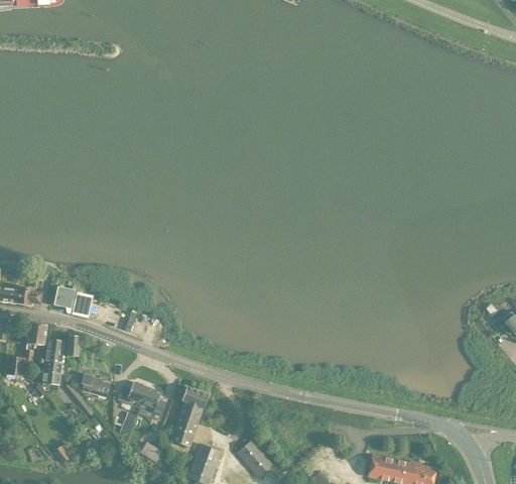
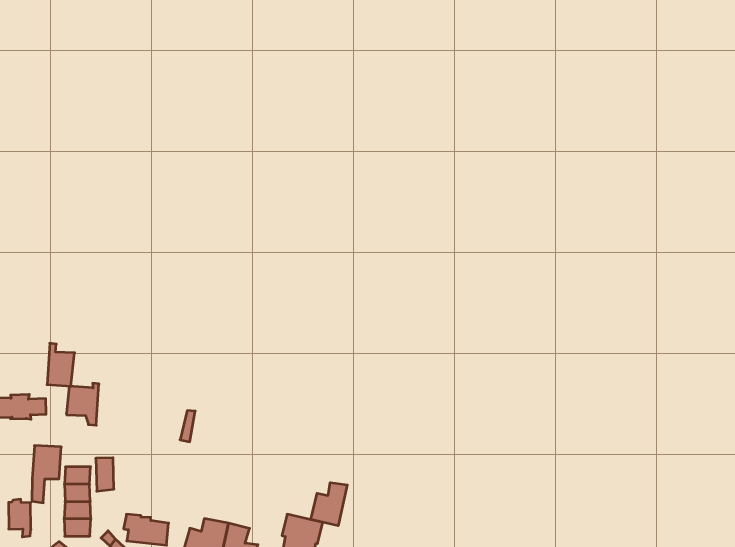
building: [72,287,92,317] -> [47,343,75,386]
building: none -> [311,483,347,526]

